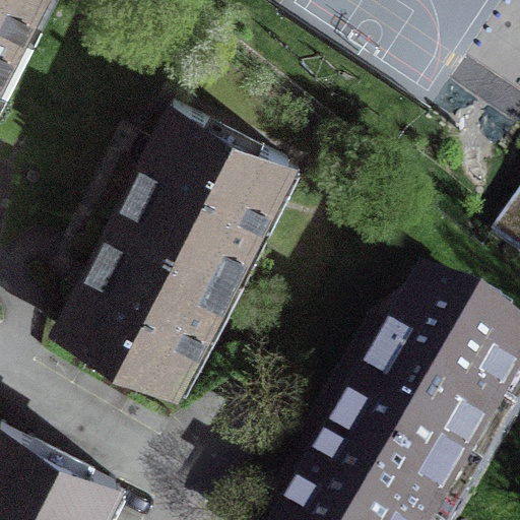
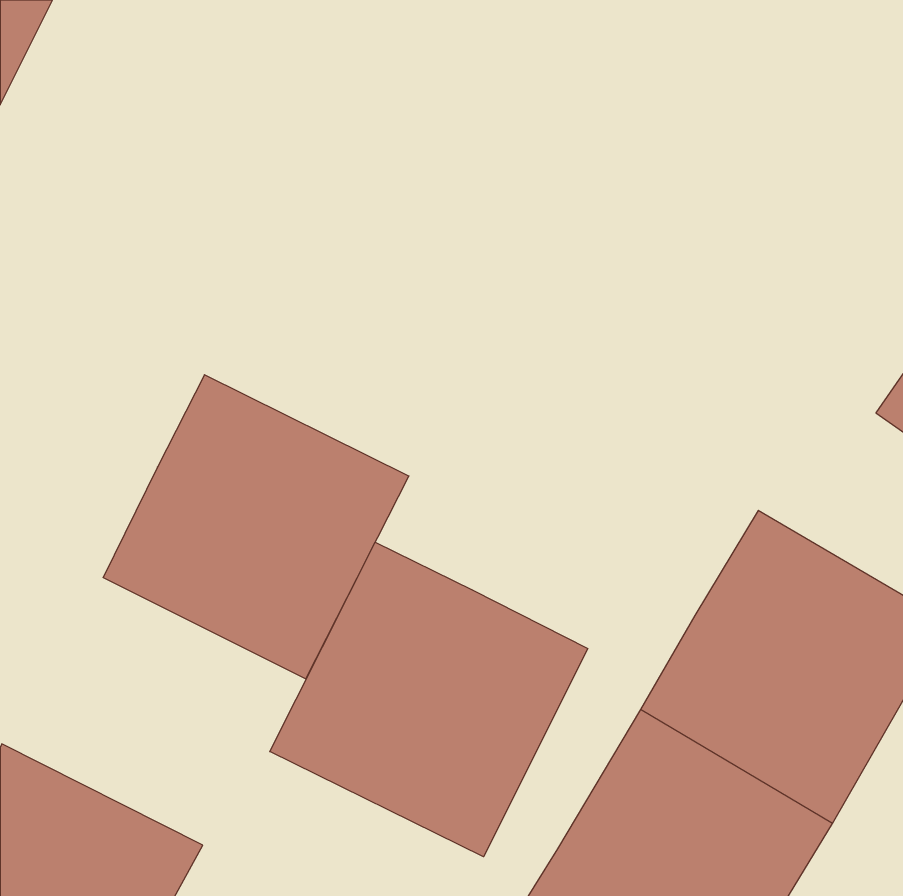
building: [127,114,299,283] -> none
building: none -> [270,542,588,857]

